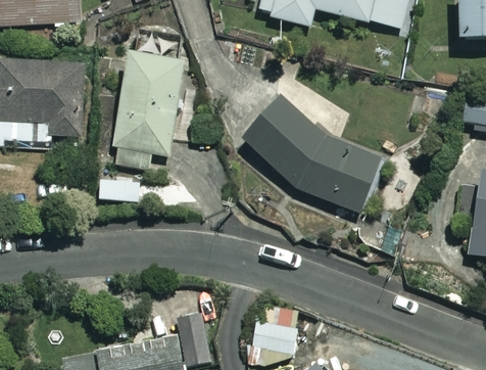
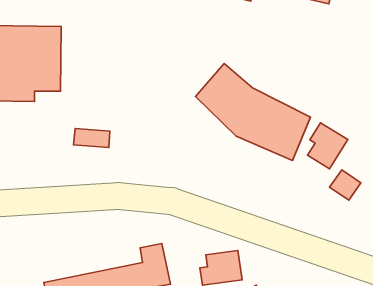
building: [115,49,185,166] -> none
building: none -> [308,123,348,169]

